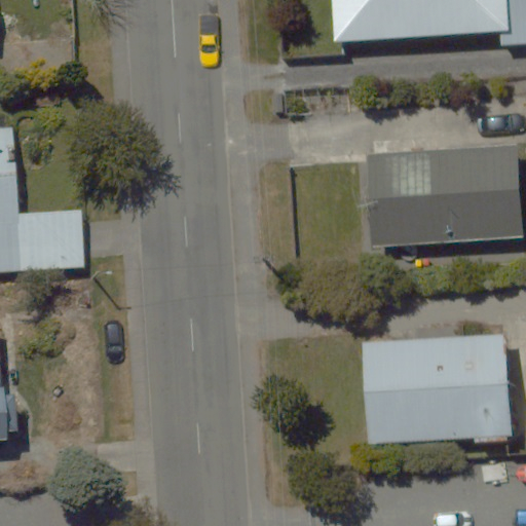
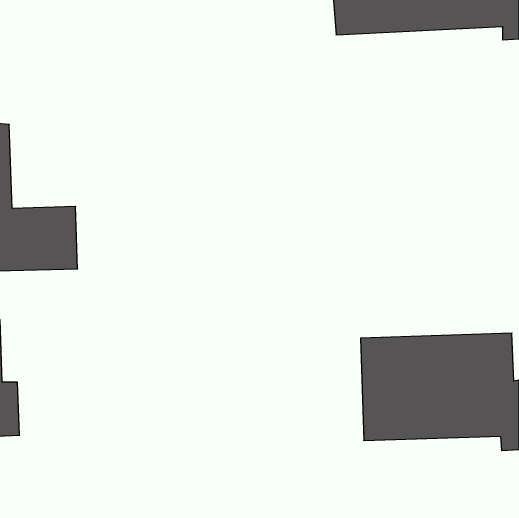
building: [365,147,518,256] -> none

